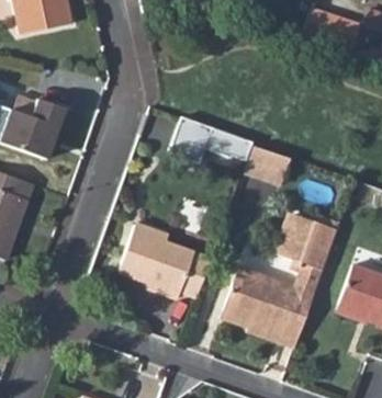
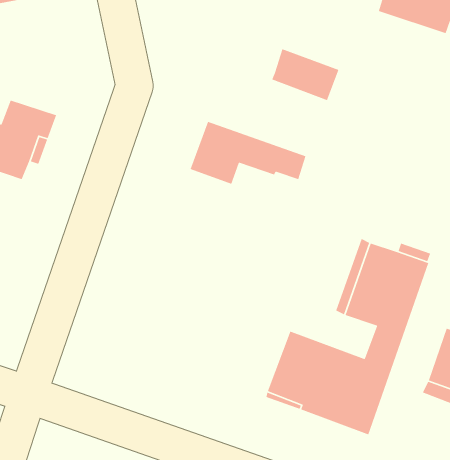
building: [244,140,293,179] -> [271,48,340,101]
building: [119,224,210,297] -> none

